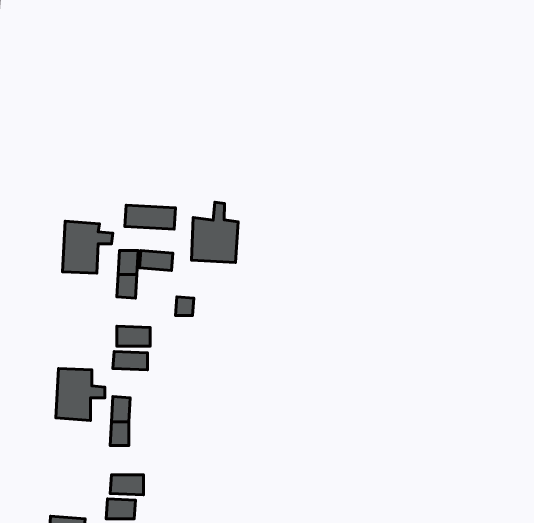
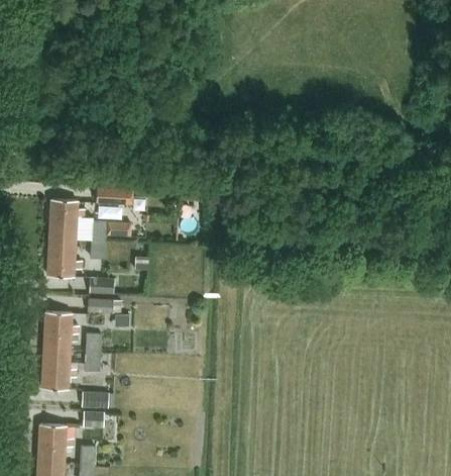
building: [192,202,238,263] -> none
building: none -> [46,237,84,276]
building: none -> [41,349,79,388]

